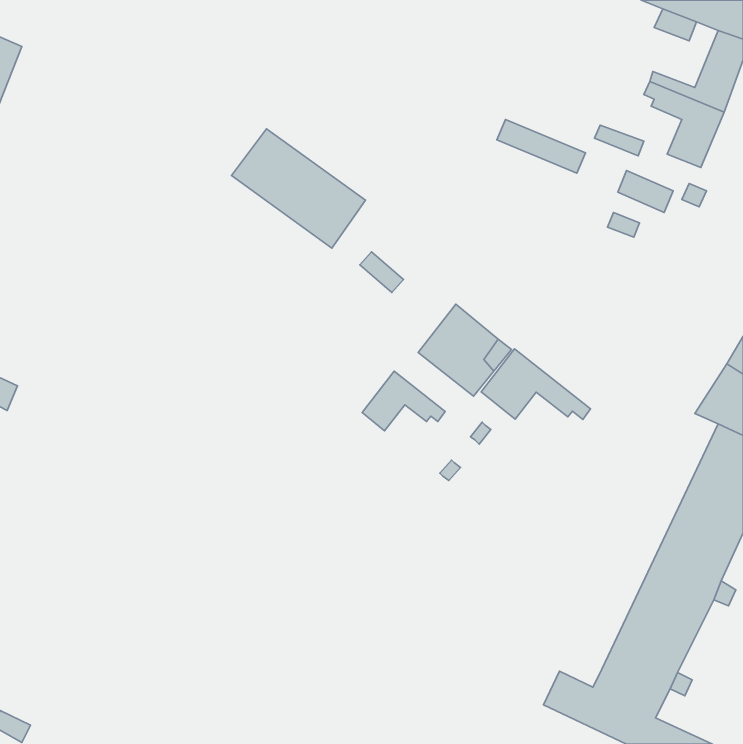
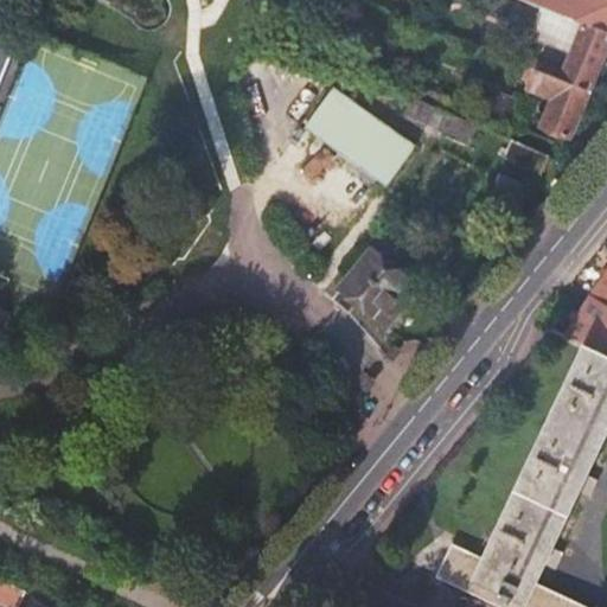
building: [231,129,365,248] -> [304,87,413,184]
building: [481,349,591,419] -> none
building: [362,371,445,431] -> none

